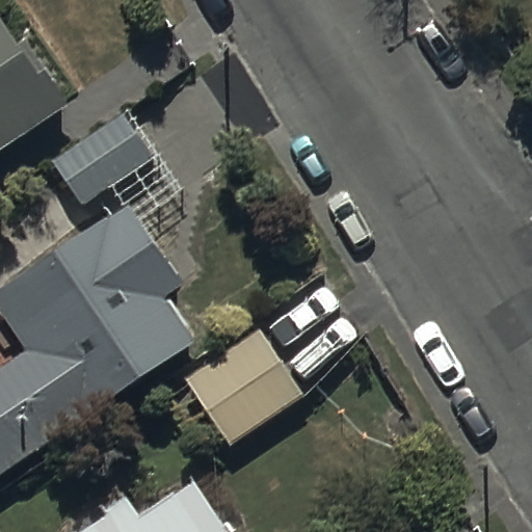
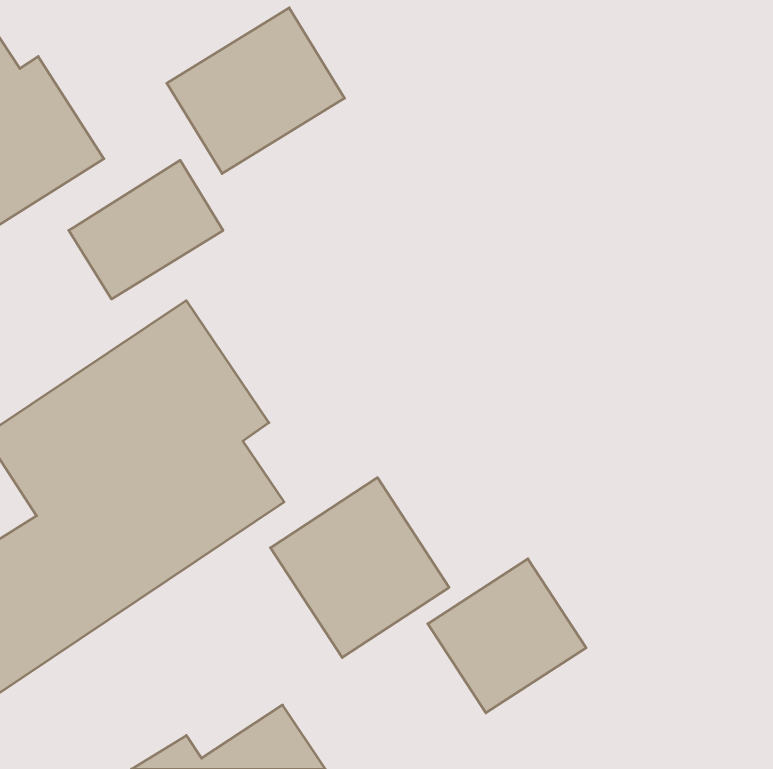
building: none -> [167,8,345,174]
building: none -> [428,559,586,713]

